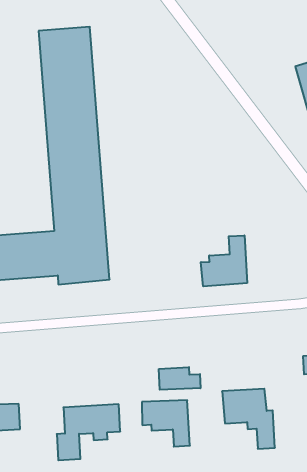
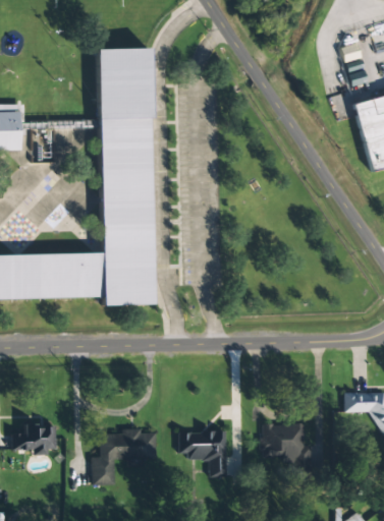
building: [201,235,247,286] -> none
building: [159,367,200,390] -> none

